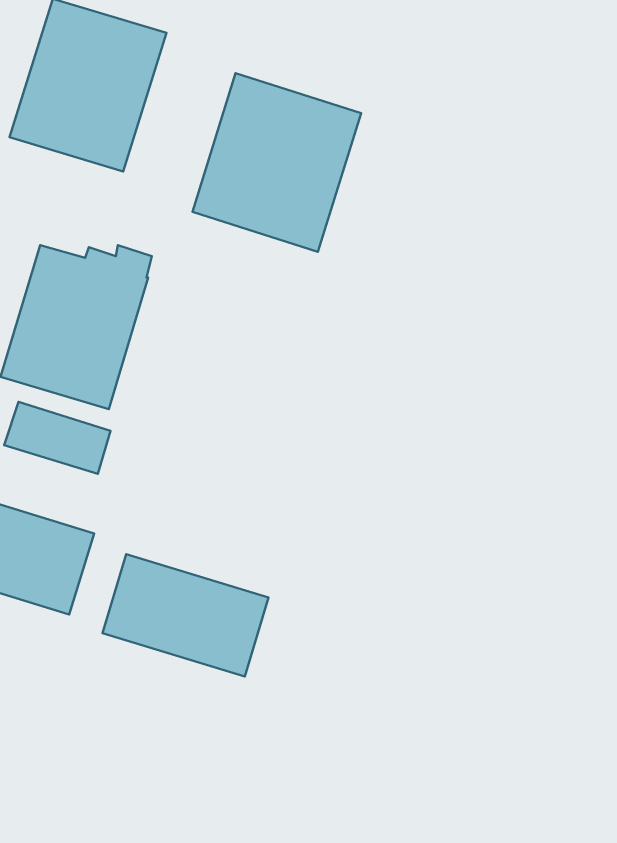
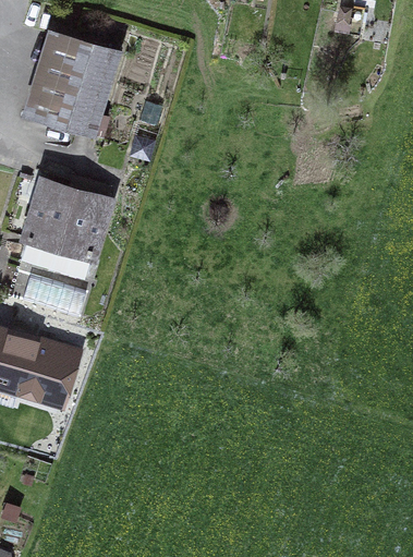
building: [192,73,361,252] -> none
building: [102,554,269,677] -> none

